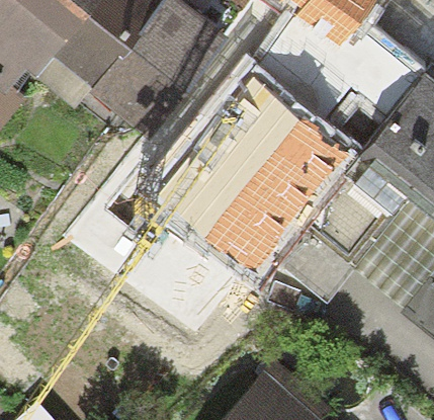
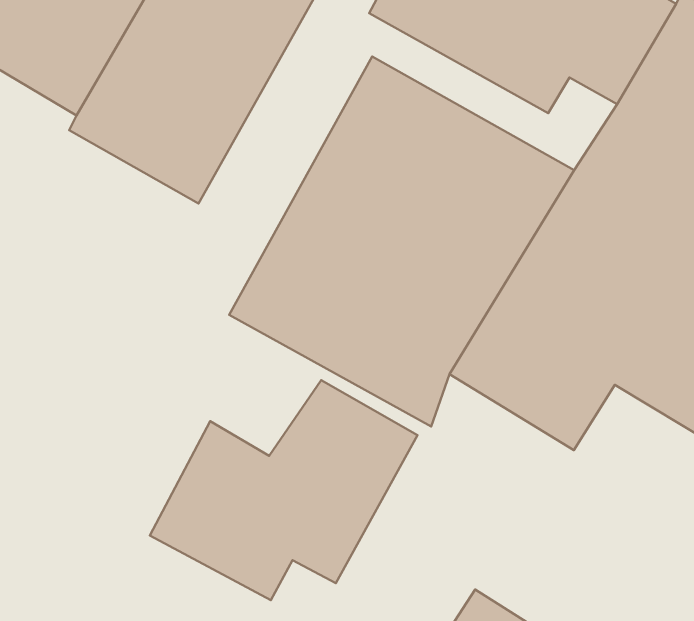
building: none -> [150,380,418,600]

